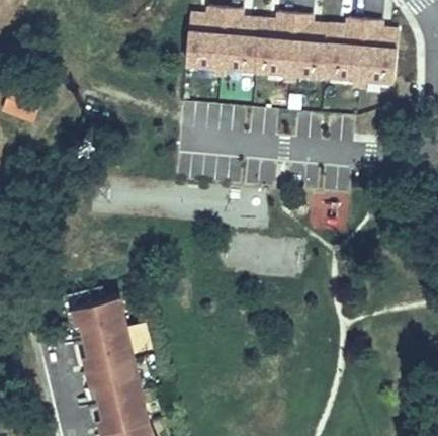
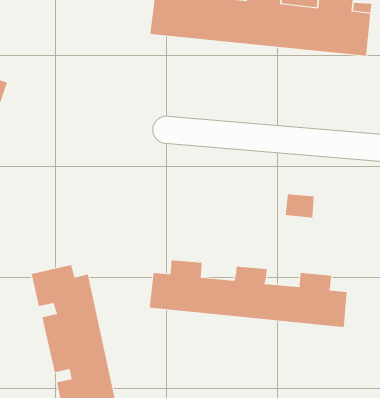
building: none -> [149,259,347,328]

